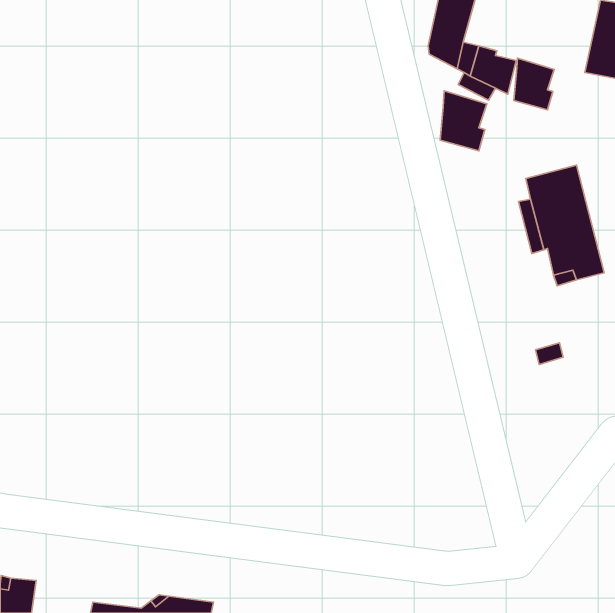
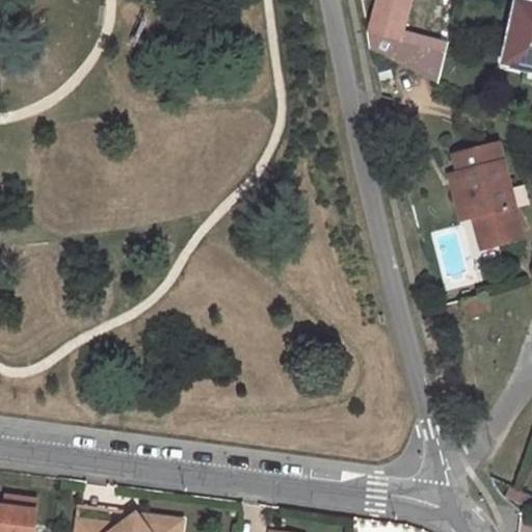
building: [514,58,554,110] -> none
building: [440,91,487,151] -> none

